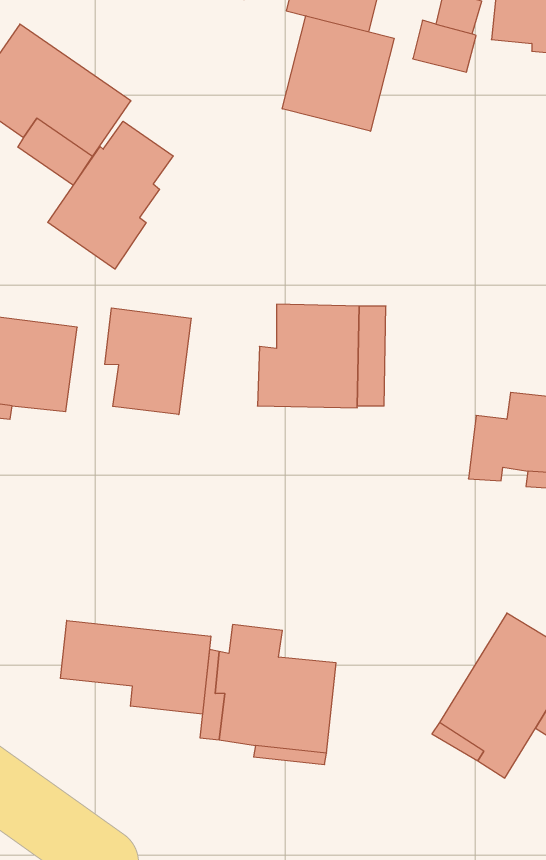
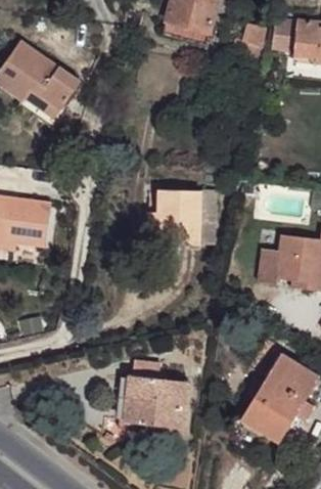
building: [282,16,394,131] -> none
building: [48,121,173,269] -> none
building: [105,308,191,415] -> none
building: [60,620,211,714] -> none

